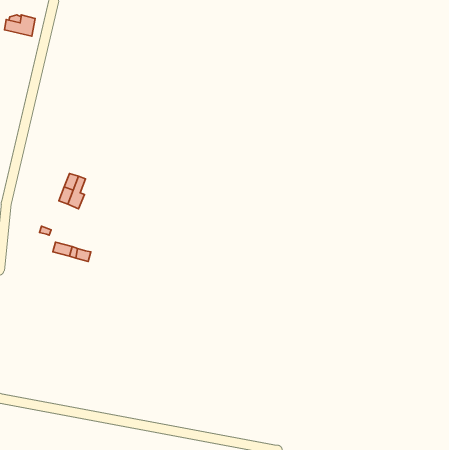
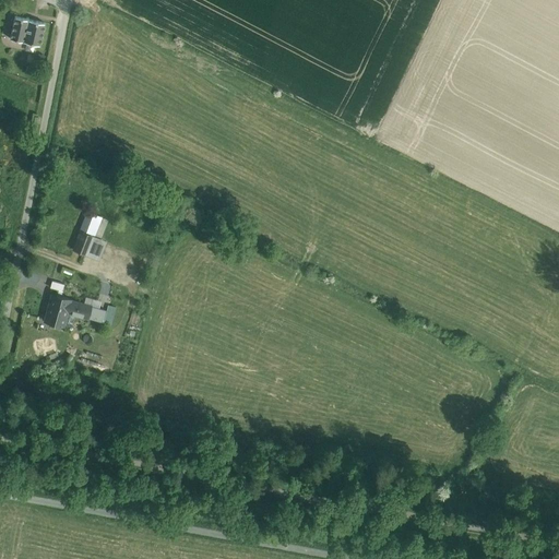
building: none -> [44,295,69,325]

